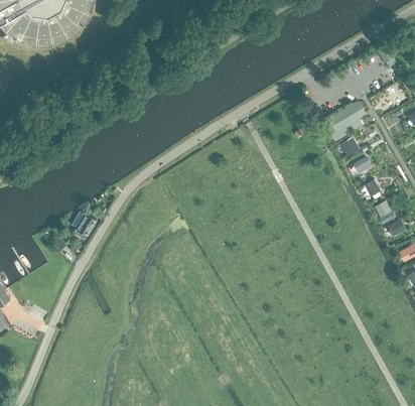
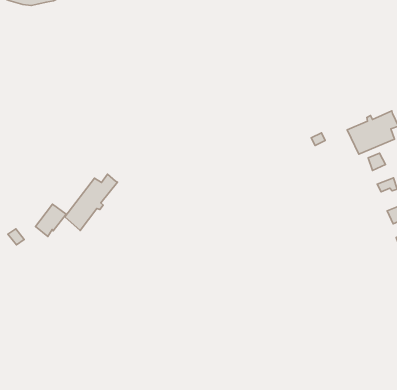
building: none -> [65,174,117,230]

